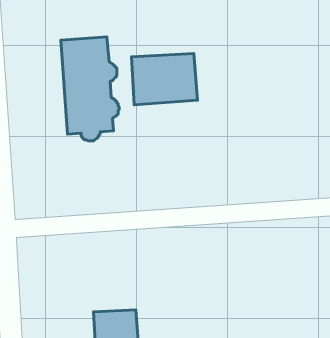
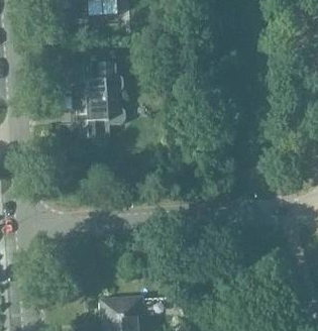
building: [131,54,197,105] -> none

